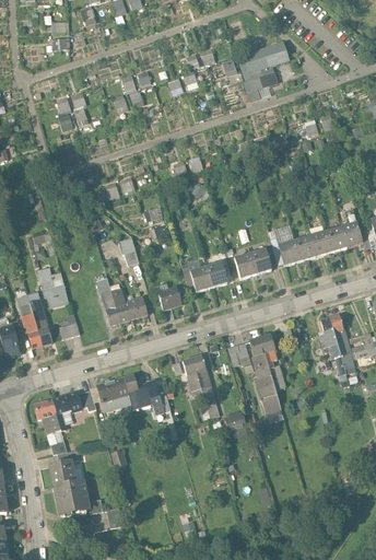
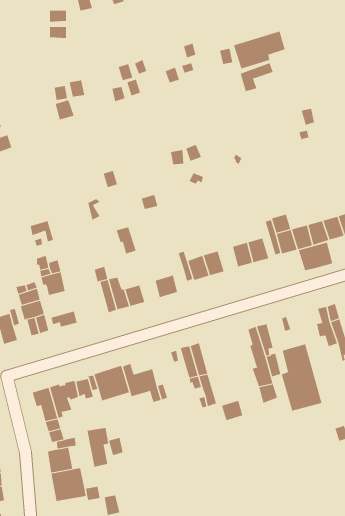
building: none -> [298,242,333,271]
building: [227,342,254,374] -> none
building: none -> [281,344,322,412]
building: none -> [87,427,109,468]

